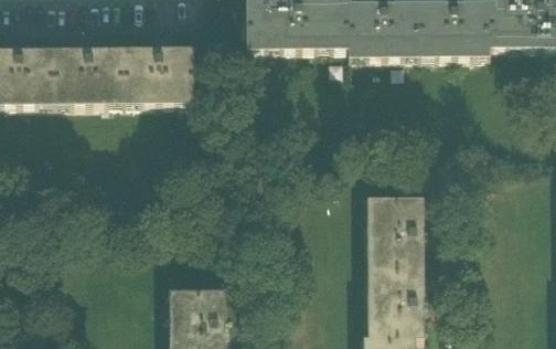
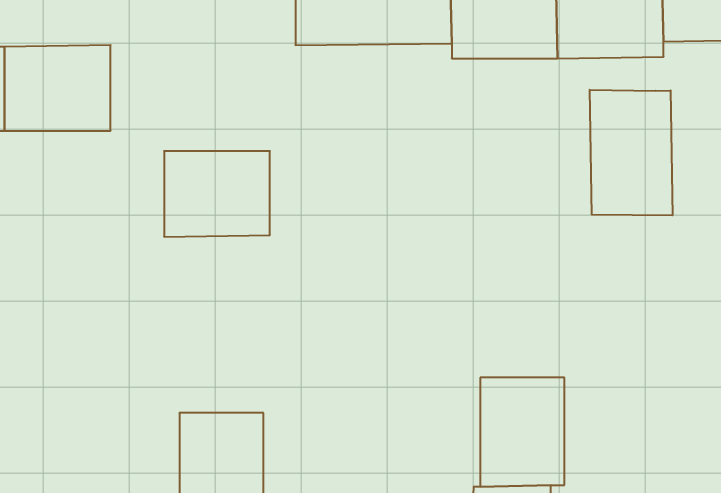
building: [126,46,195,103] -> [164,151,270,237]
building: none -> [590,90,672,215]
building: [368,197,424,265] -> none

